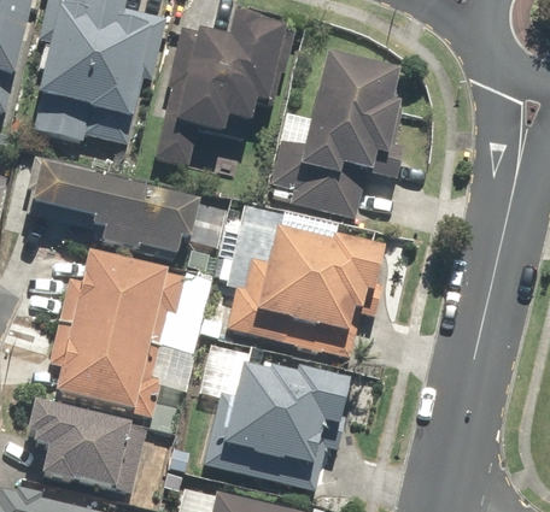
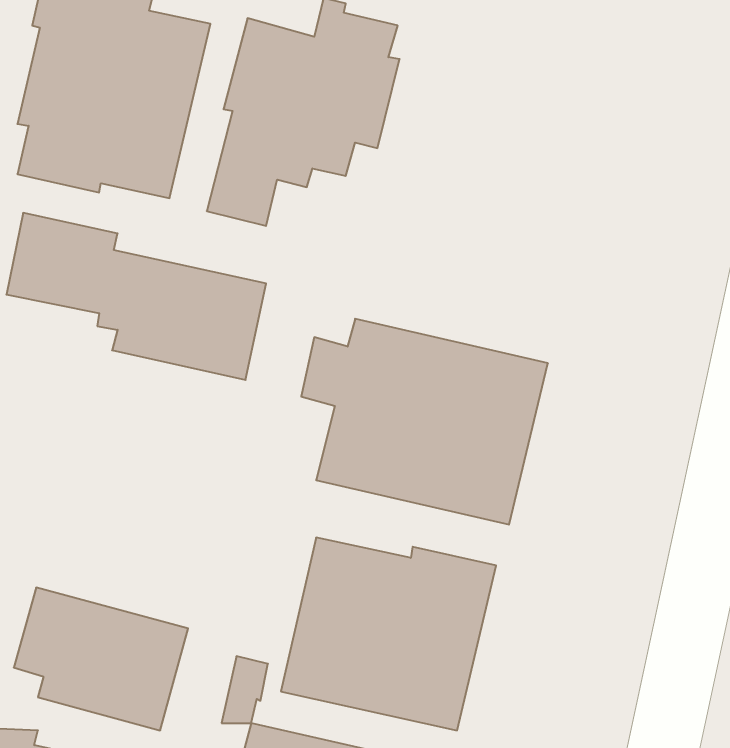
building: [275,54,397,217] -> none
building: [47,253,166,417] -> none

